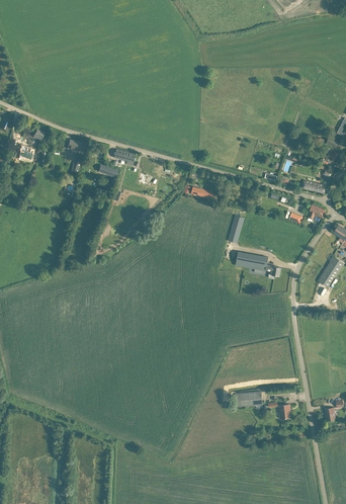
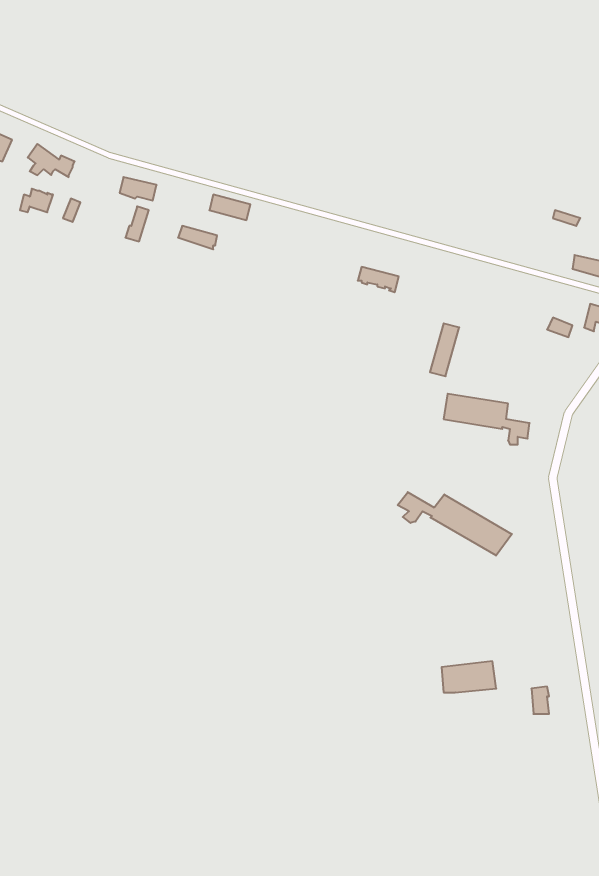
building: none -> [398,492,512,556]

